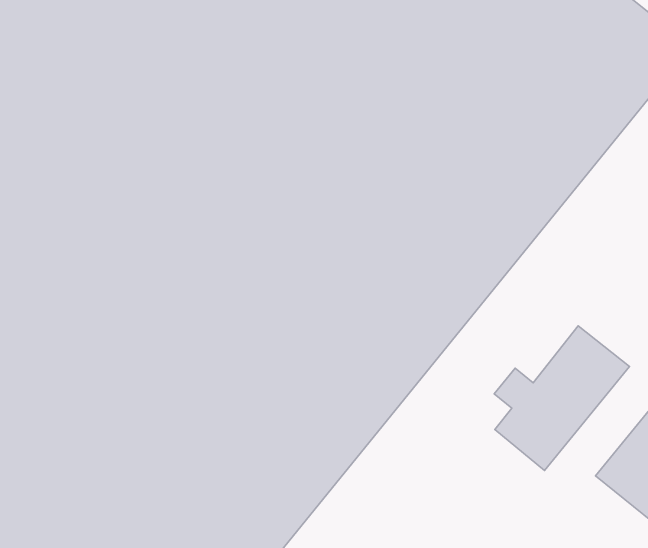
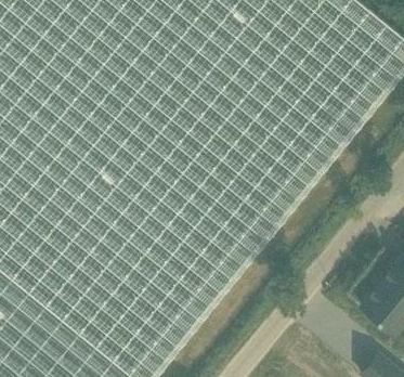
building: [494,326,629,471] -> none

